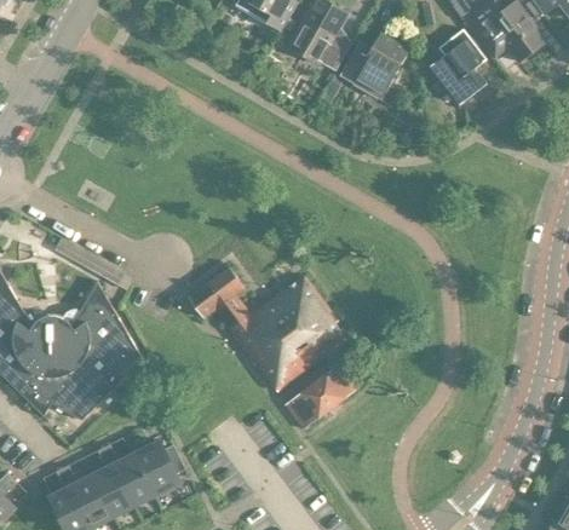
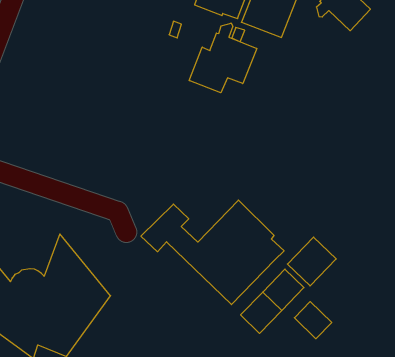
building: none -> [189,23,257,93]
building: none -> [287,237,336,286]
building: none -> [294,302,332,339]

